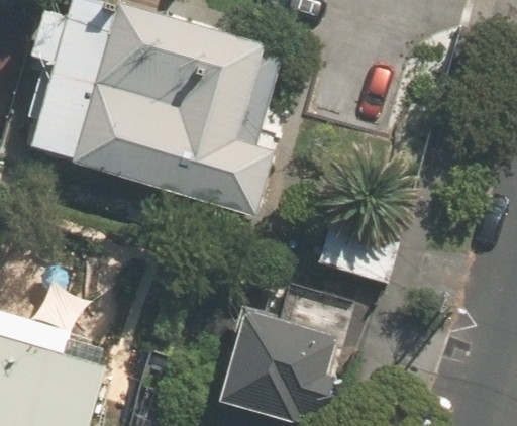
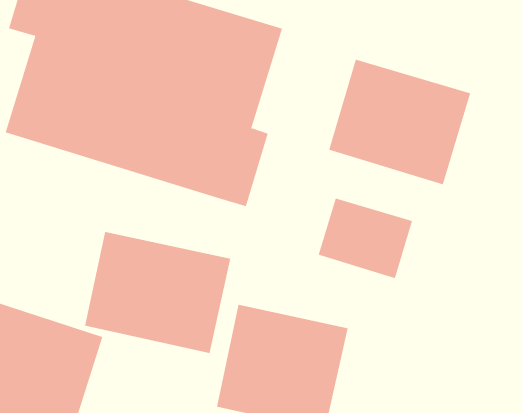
building: none -> [328,59,471,185]
building: none -> [84,231,231,354]

